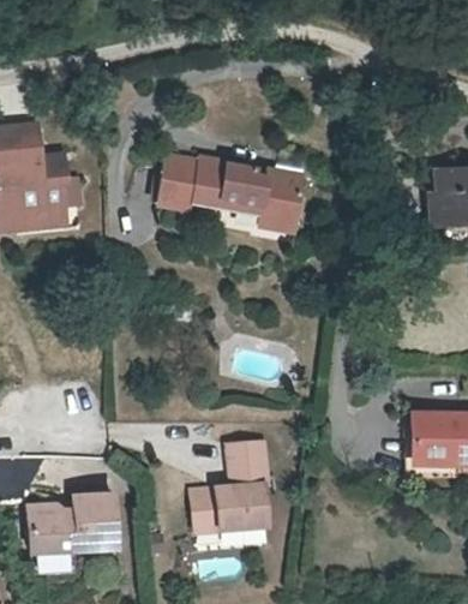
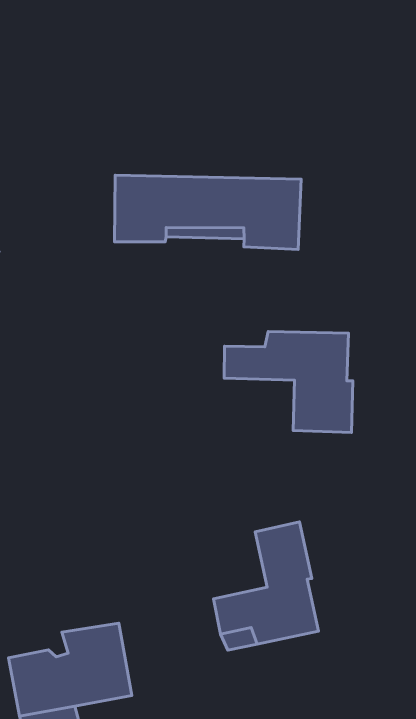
building: none -> [224,331,353,433]

